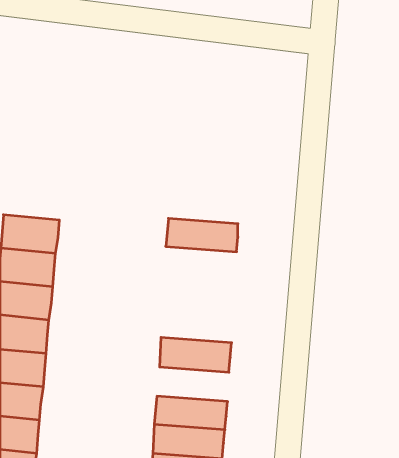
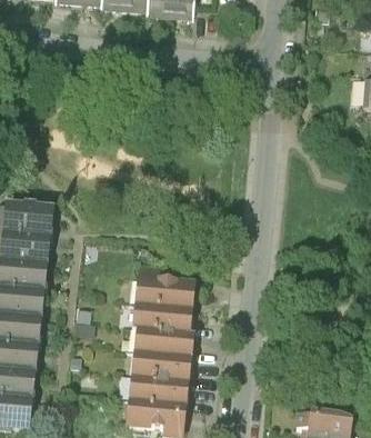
building: [166,218,238,252] -> [134,285,194,312]
building: none -> [131,332,191,361]

